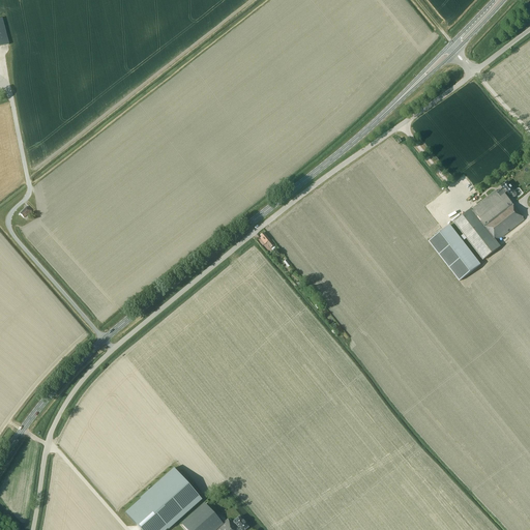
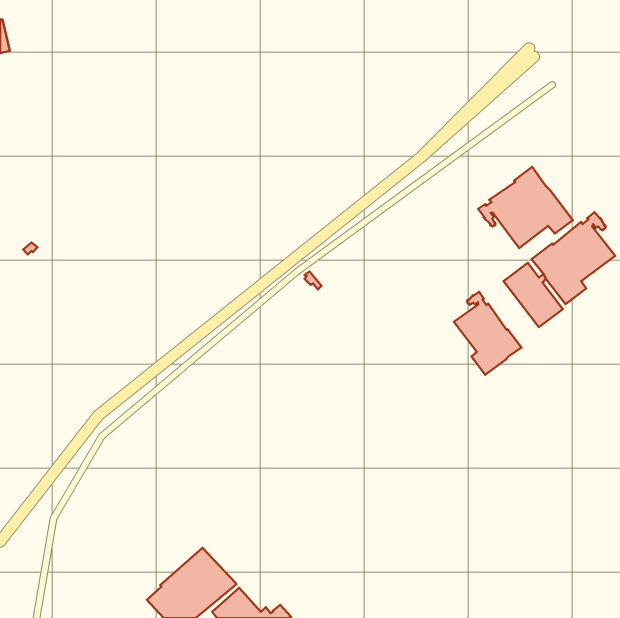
building: none -> [478,167,573,248]
building: none -> [454,292,521,375]

